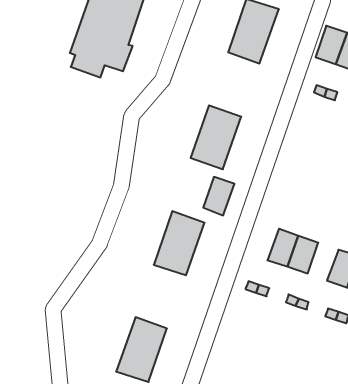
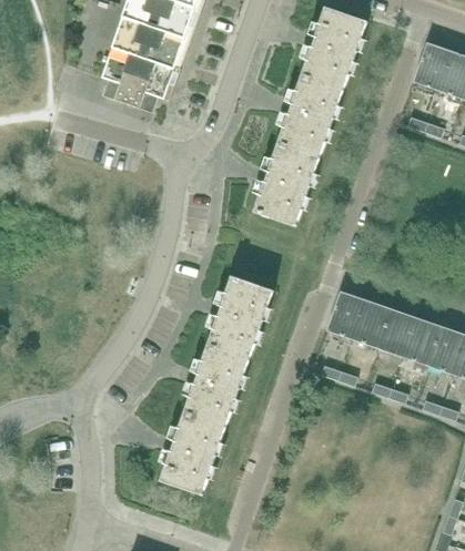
building: none -> [276,75,341,157]
building: [203,177,235,215] -> [325,290,365,339]
building: none -> [402,317,441,365]
building: none -> [183,345,247,426]

